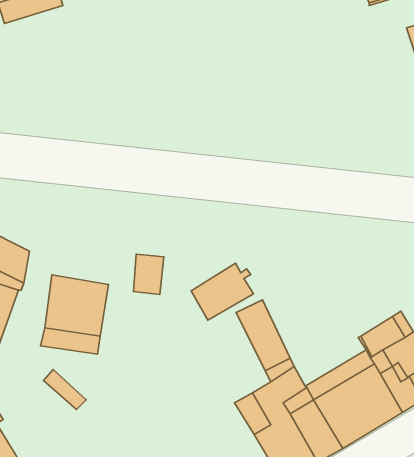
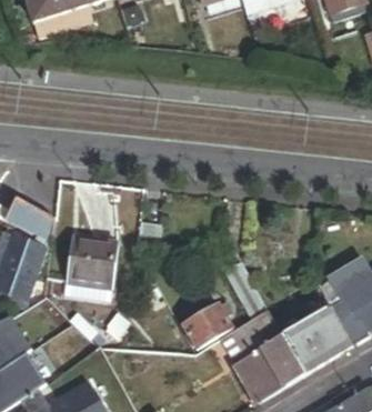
building: [191,263,253,320] -> [182,301,232,346]

